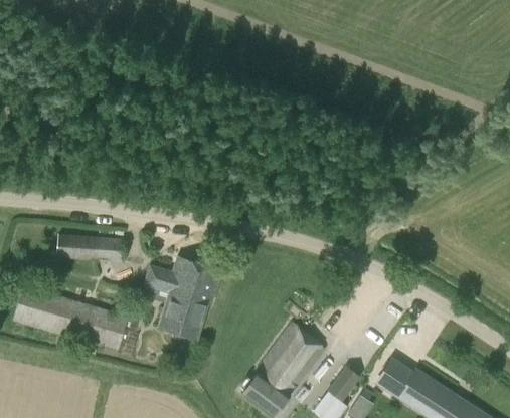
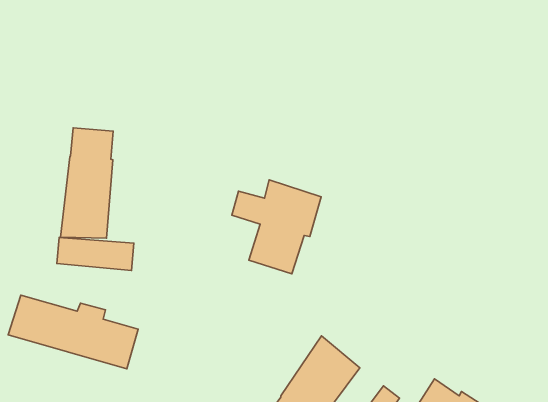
building: none -> [60,128,113,238]
building: [143,255,222,339] -> [232,180,321,274]

